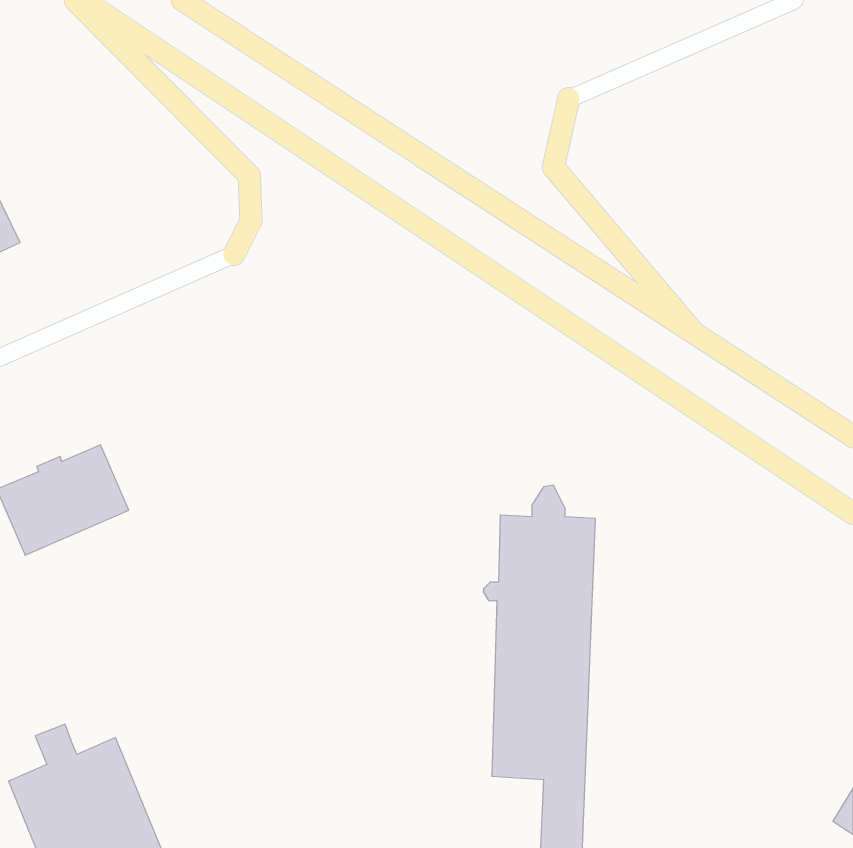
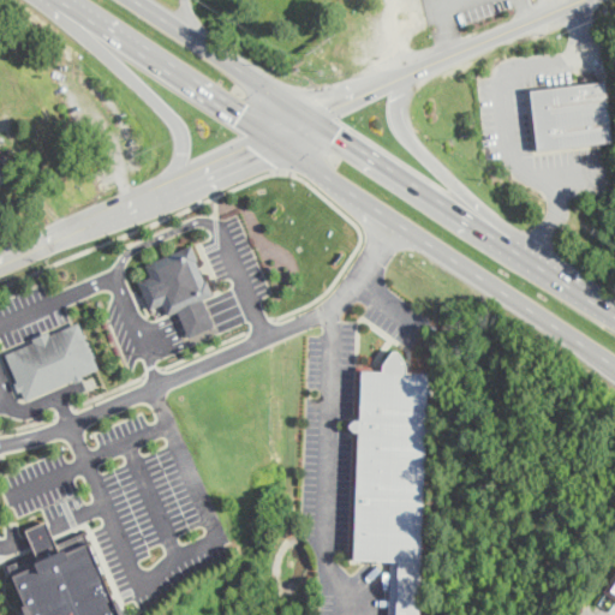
building: none -> [525,84,608,156]
building: none -> [136,246,211,339]

